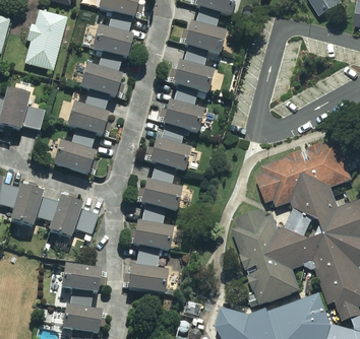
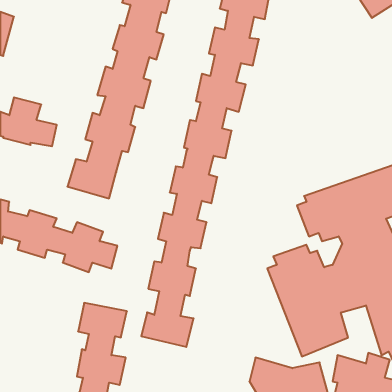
building: [26,6,70,67] -> none

